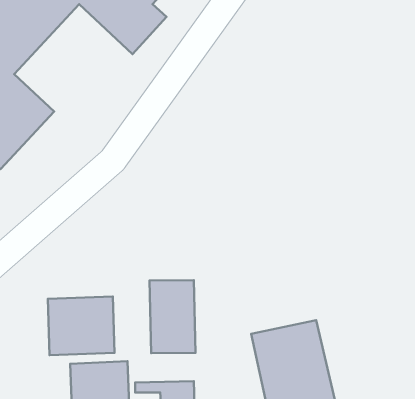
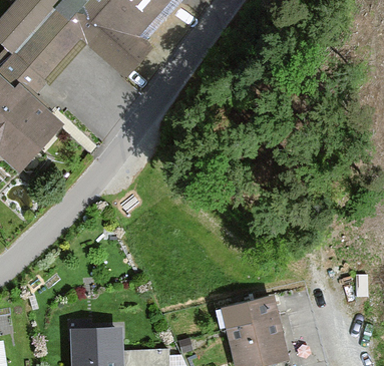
building: [149,280,196,353] -> none
building: [48,297,114,355] -> none

